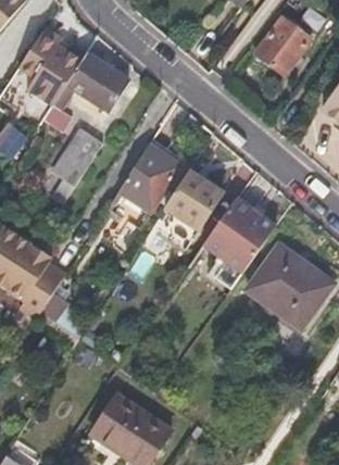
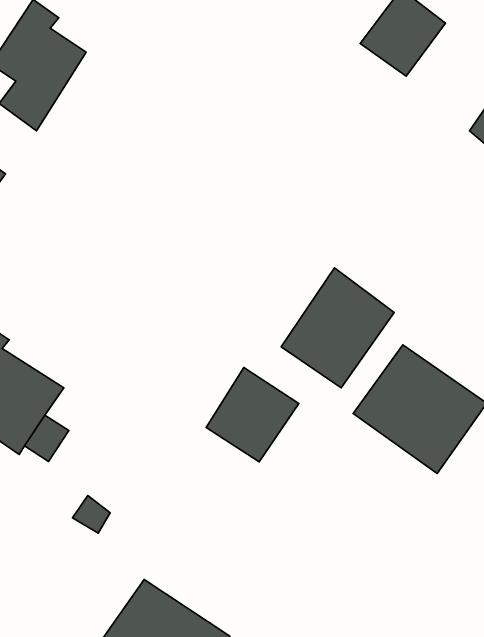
building: [43,52,125,128] -> none
building: [50,127,104,205] -> none
building: [118,146,179,211] -> none
building: [164,171,223,230] -> [206,368,299,462]

